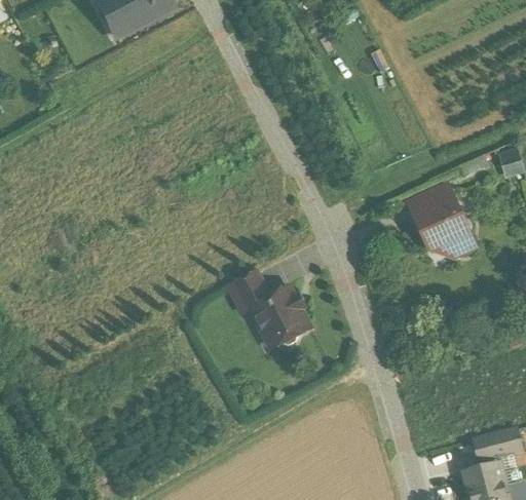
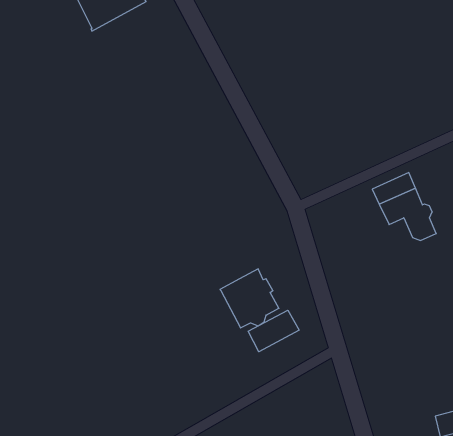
building: [227,269,269,312] -> none
building: none -> [248,310,299,352]

